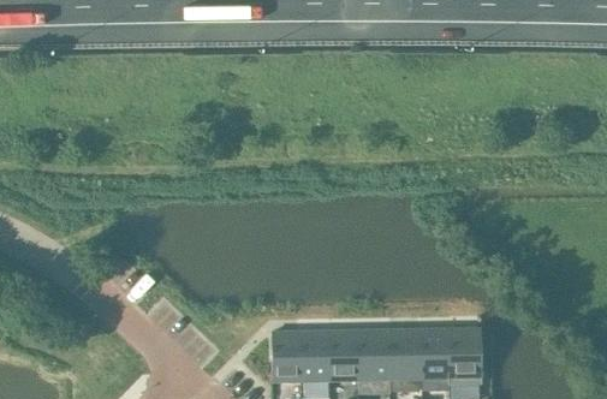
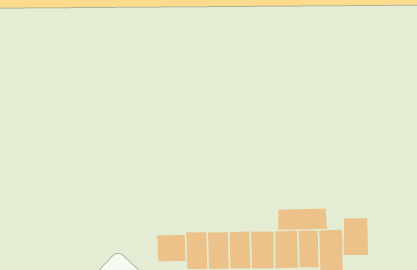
building: none -> [278,208,327,231]
building: none -> [343,217,368,256]
building: none -> [157,234,186,262]

